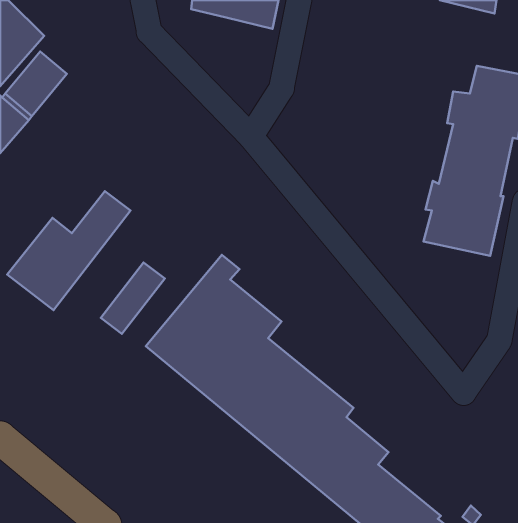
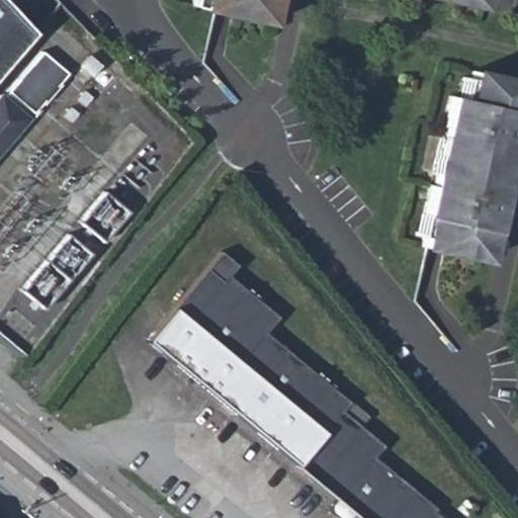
building: [101,263,165,334] -> none

